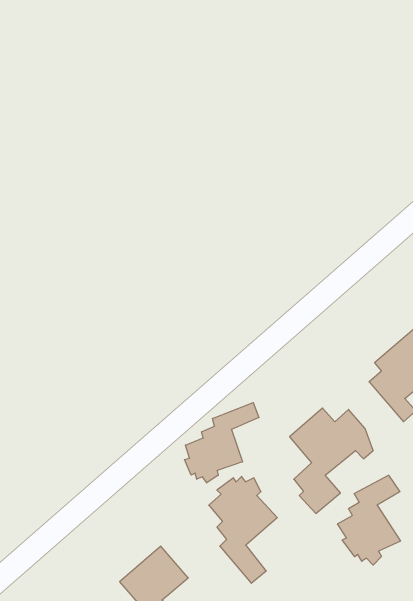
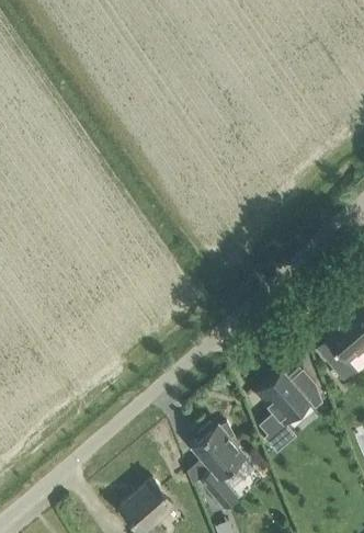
building: [185,403,259,483] -> none
building: [338,475,400,565] -> none

